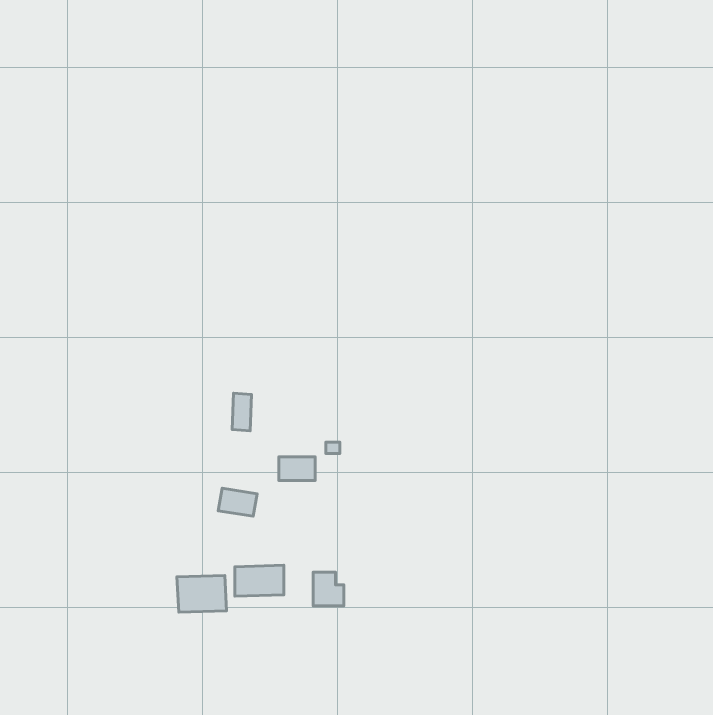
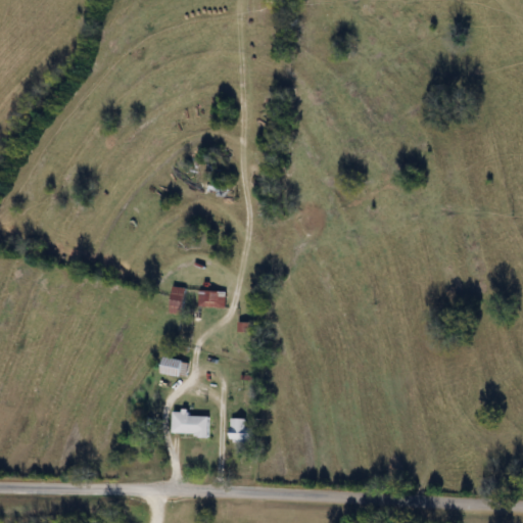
building: [279,457,315,481] -> [197,290,224,307]
building: [177,575,227,612] -> none

